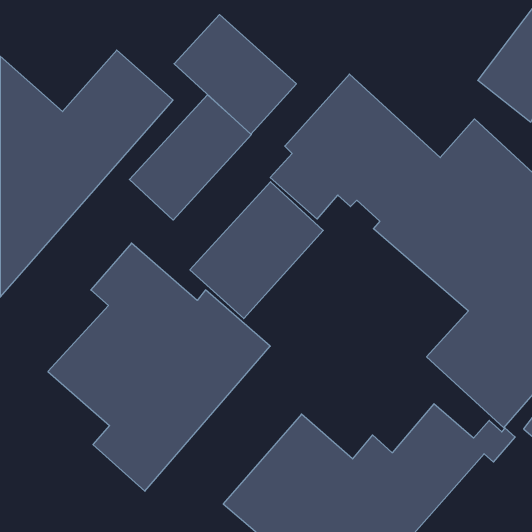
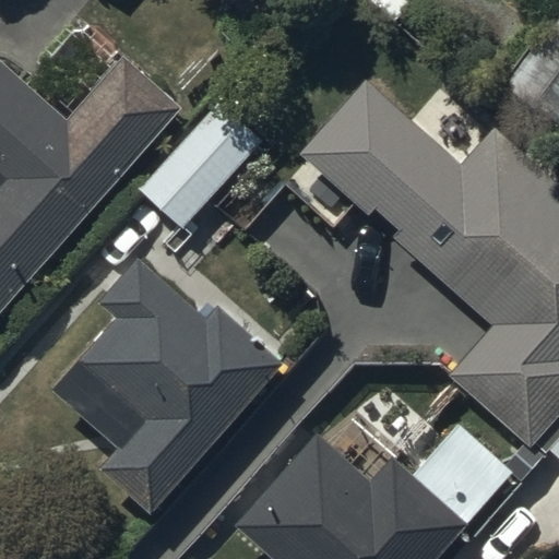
building: [174,15,296,134] -> none
building: [190,182,323,319] -> none

